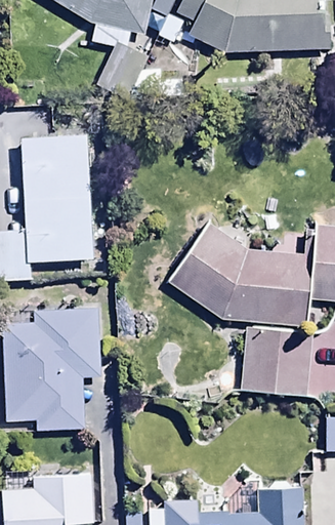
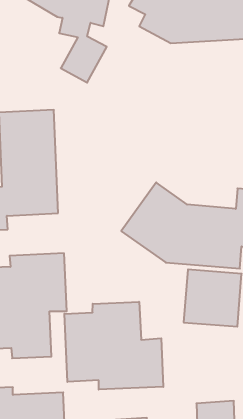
building: none -> [64,302,163,390]

